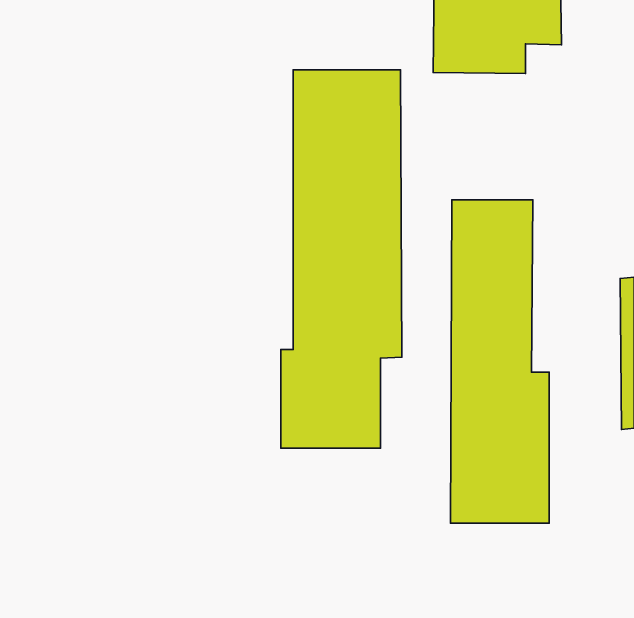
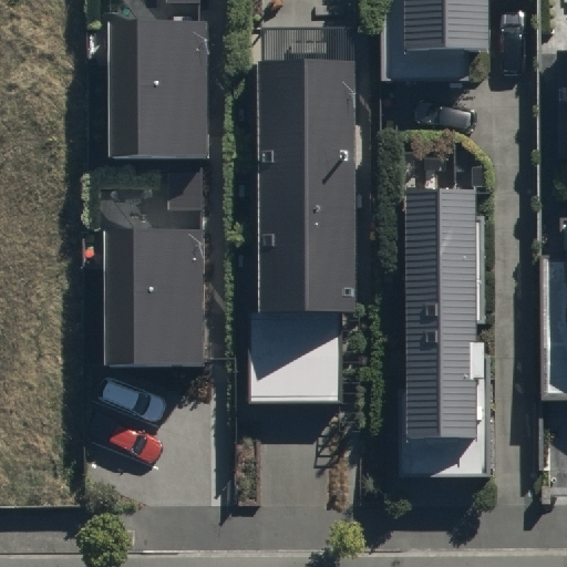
building: none -> [109,6,205,202]
building: none -> [105,214,202,368]

